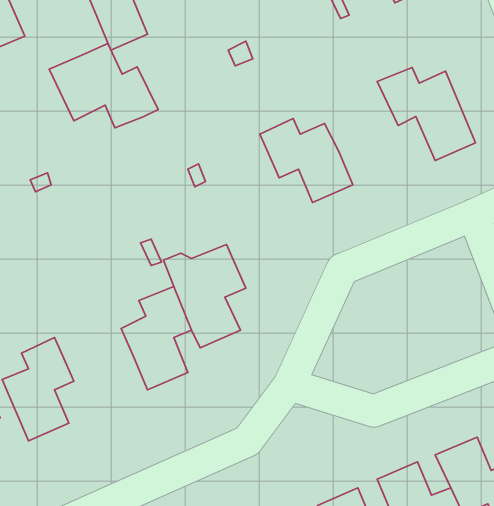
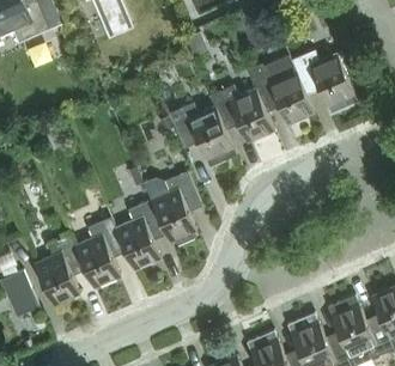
building: [49,44,158,128] -> none
building: none -> [247,61,314,126]
building: none -> [169,104,233,161]
building: none -> [74,218,123,288]

